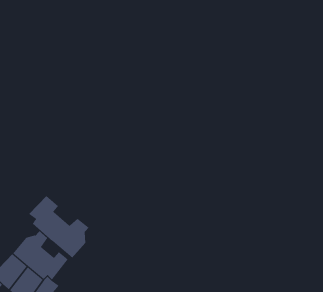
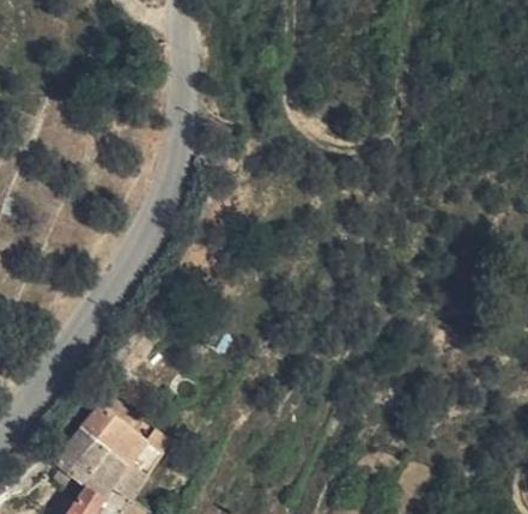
building: [28,195,89,259] -> none

